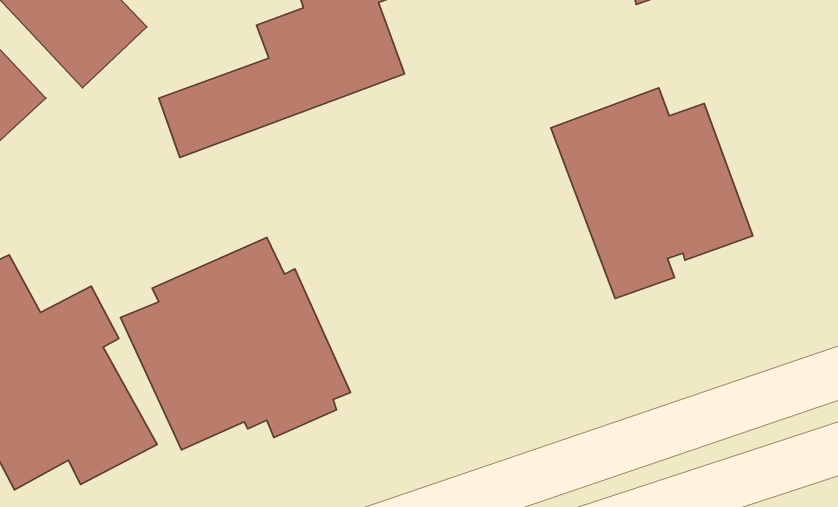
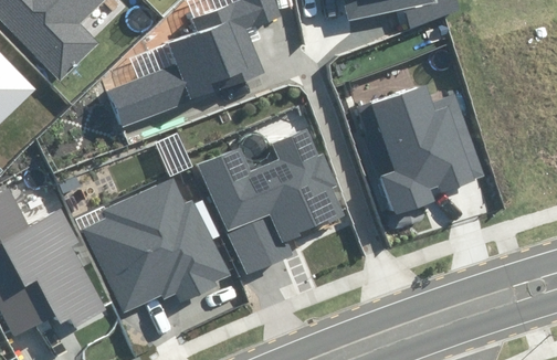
building: none -> [198,128,343,275]

